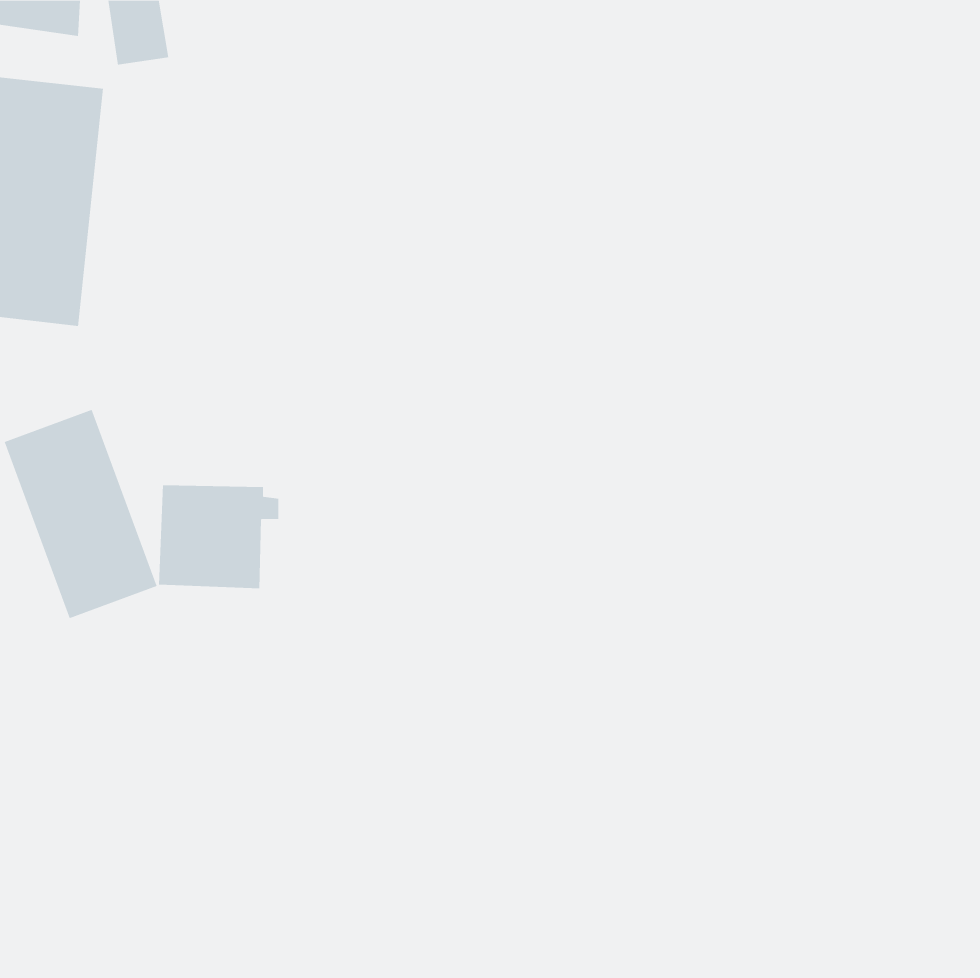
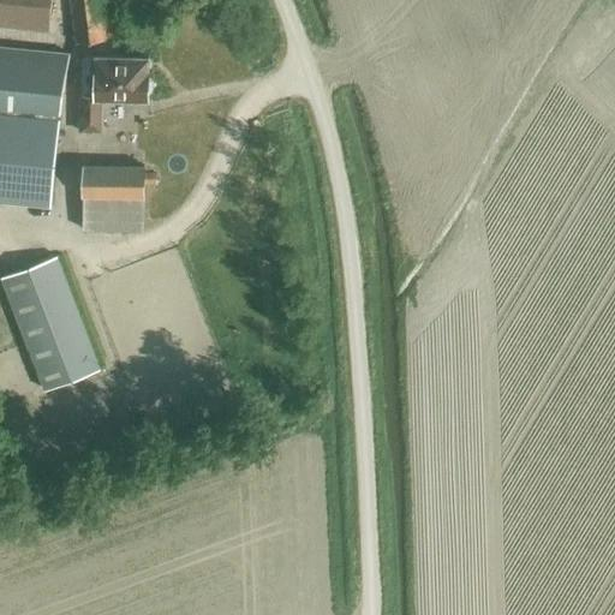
building: none -> [79,59,150,132]
building: [158,485,279,589] -> [79,166,155,231]

